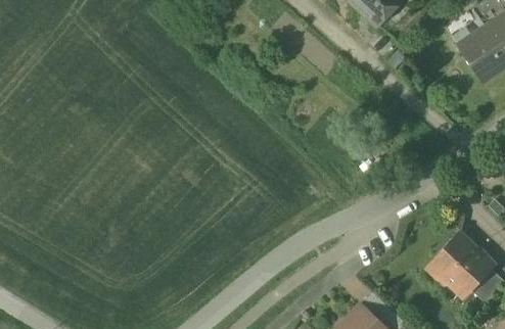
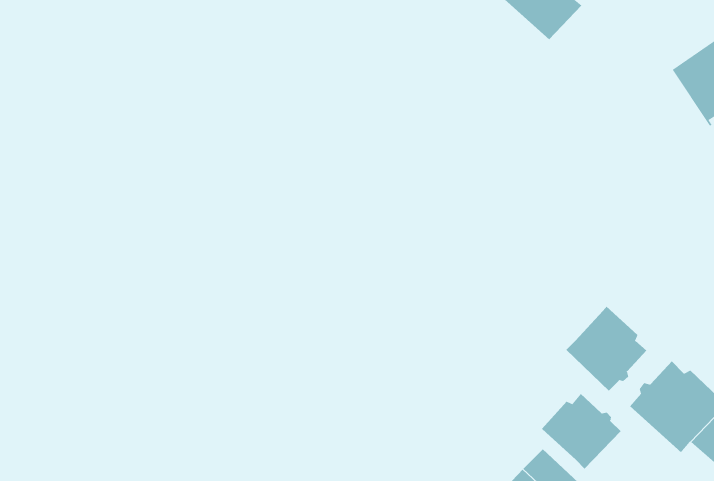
building: none -> [565,306,647,391]
building: none -> [541,393,621,469]

